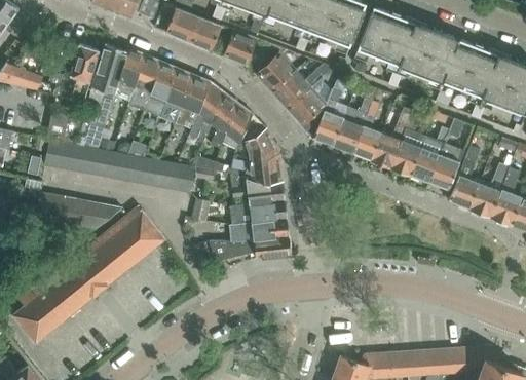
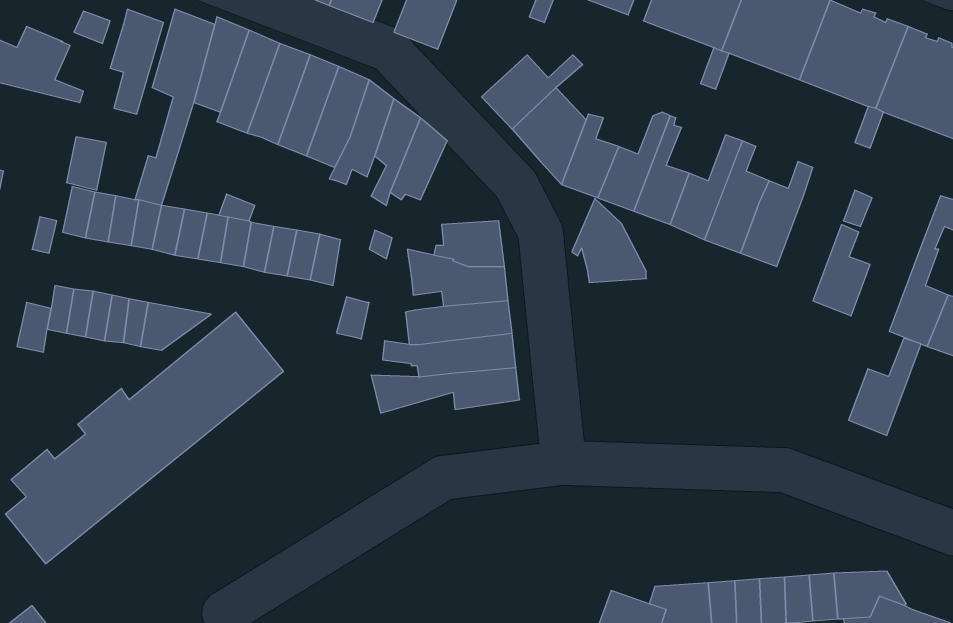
building: [255,51,295,91] -> none
building: [239,115,279,160] -> [572,199,646,282]
building: [429,145,459,190] -> none
building: [469,165,509,218] -> [849,338,921,435]

